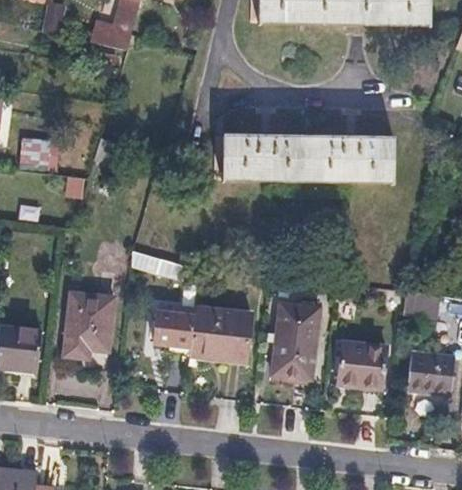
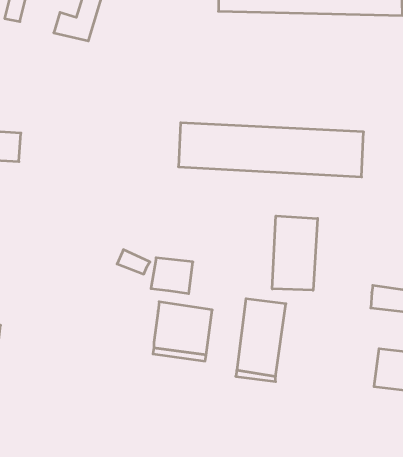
building: none -> [272,216,318,290]
building: [62,291,113,356] -> none
building: [153,310,194,345] -> [151,258,193,294]
building: [336,339,385,392] -> none

